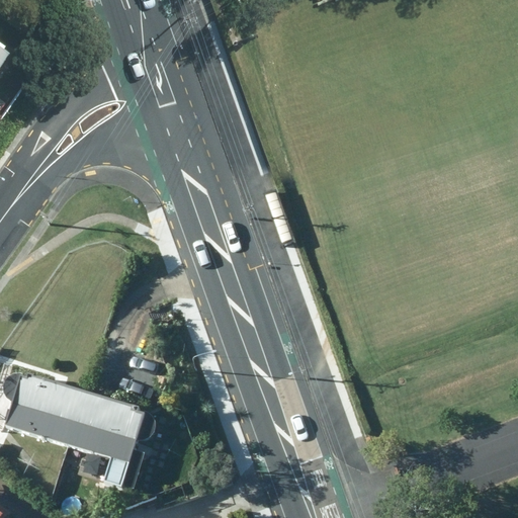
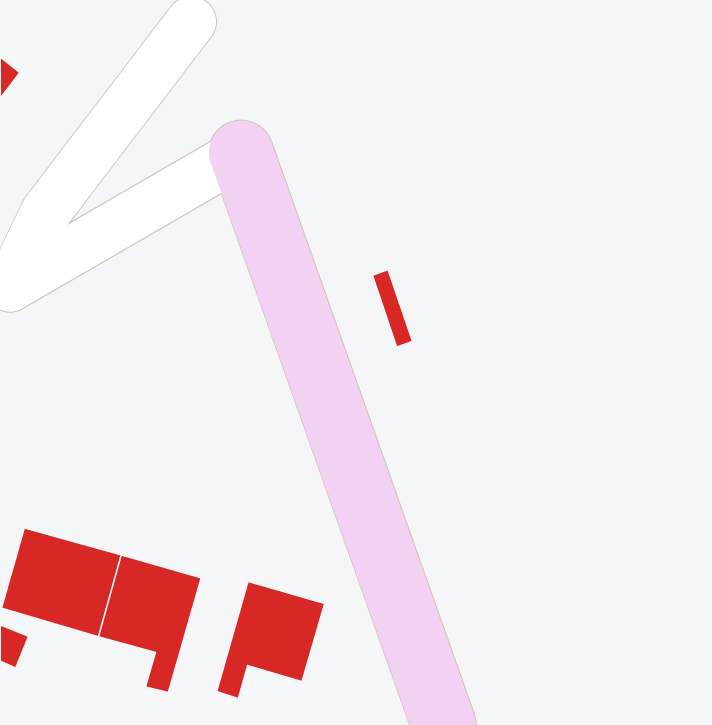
building: none -> [217,582,325,699]

